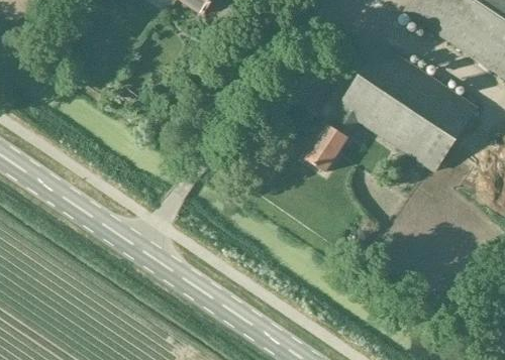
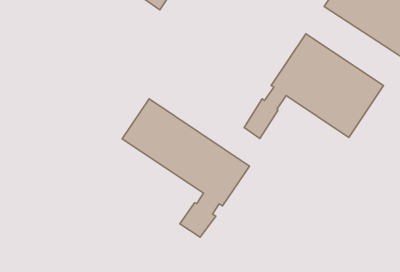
building: none -> [122,99,249,237]

